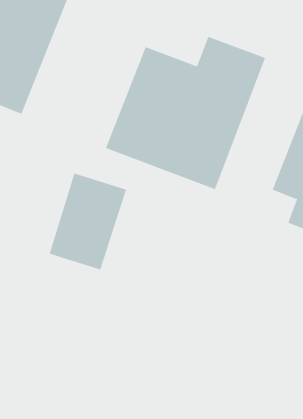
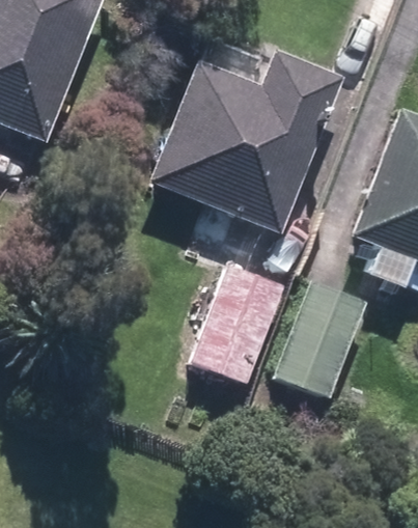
building: [49,173,127,270] -> [193,263,286,380]
building: none -> [275,277,367,398]

